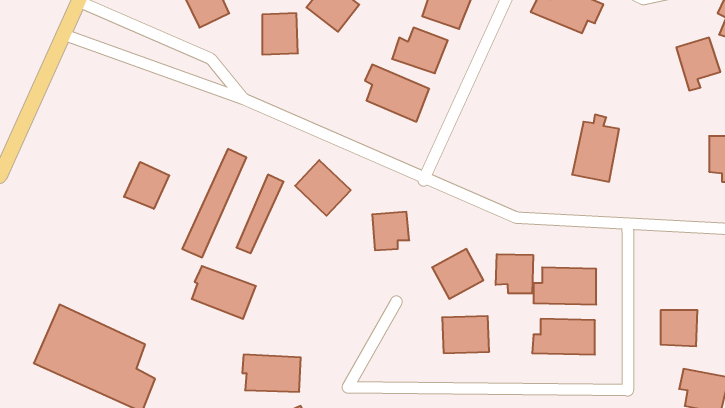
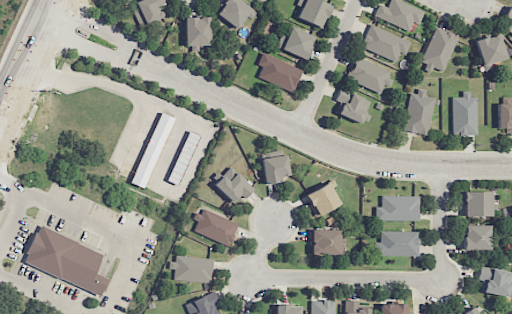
building: none -> [361,25,411,62]
building: none -> [421,27,458,72]
building: none -> [347,58,396,94]
building: none -> [336,89,373,123]
building: none -> [453,94,478,136]
building: [295,160,351,216] -> [214,167,253,206]
building: [124,162,169,209] -> none
building: [496,254,533,293] -> none
building: none -> [464,191,492,216]
building: [192,266,256,319] -> [194,209,239,246]

